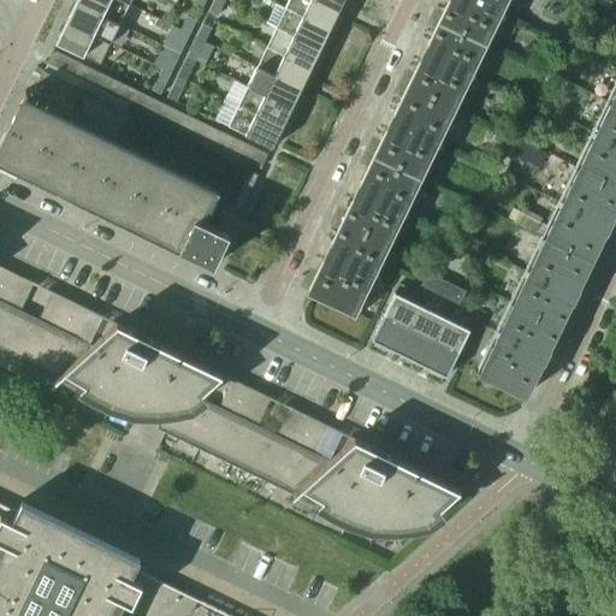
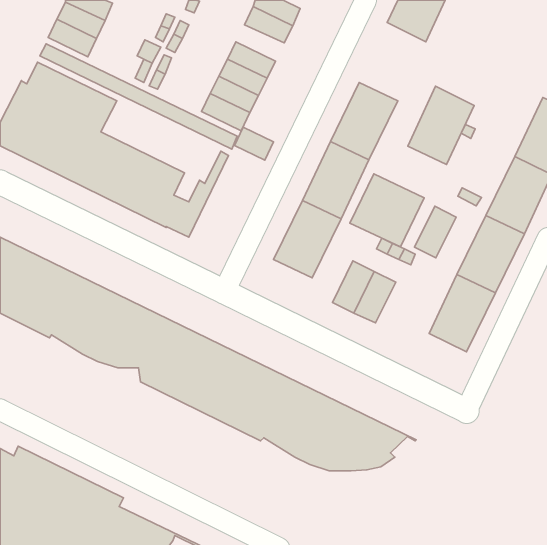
building: [404,29,479,117] -> [408,86,474,164]
building: [266,31,320,72] -> none
building: none -> [234,127,273,160]
building: none -> [350,174,424,247]
building: [422,320,469,378] -> [414,206,456,258]

